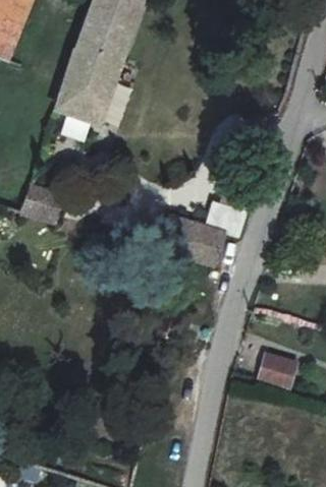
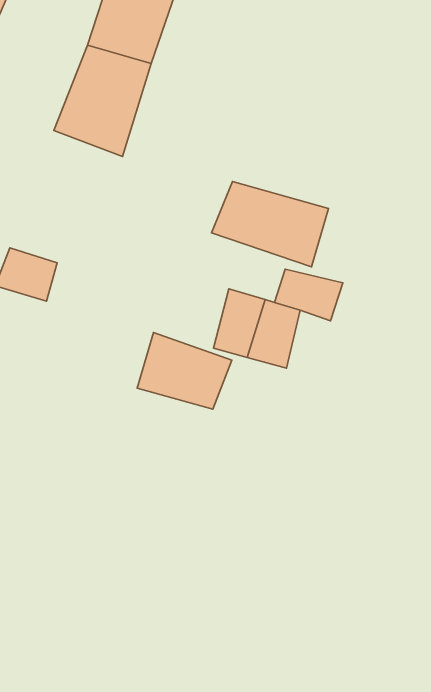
building: none -> [212,182,328,267]
building: none -> [137,333,232,409]
building: [257,355,291,389] -> none

